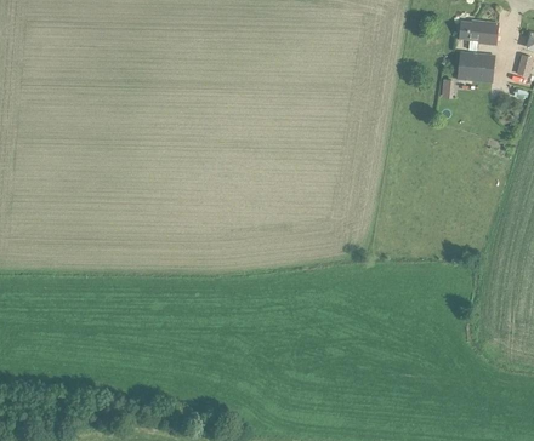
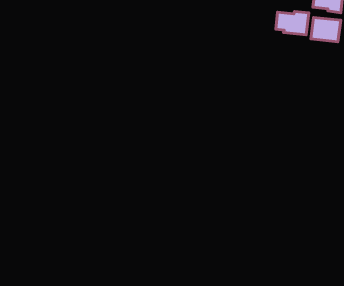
building: none -> [276,12,309,35]

